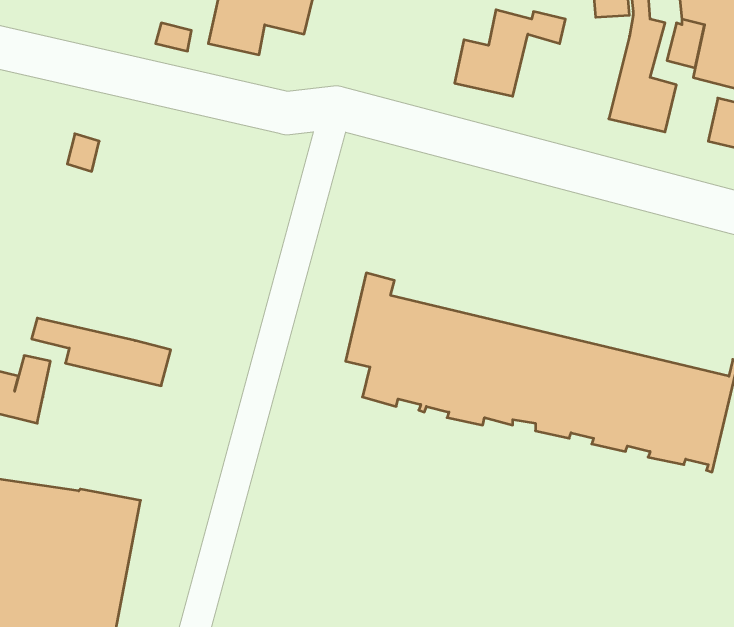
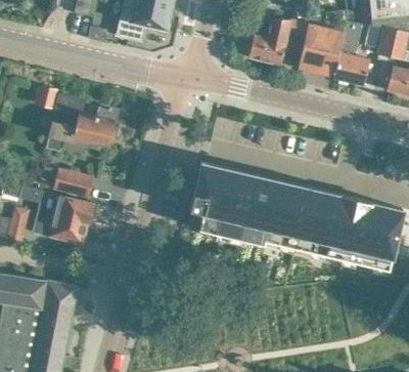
building: none -> [298,23,344,77]
building: none -> [47,93,118,152]
building: none -> [52,167,93,197]
building: none -> [32,210,89,244]

